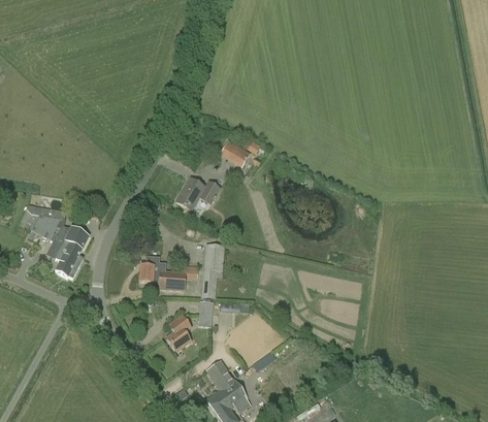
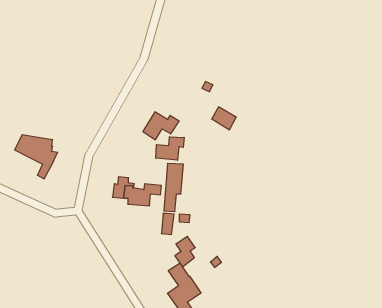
building: [221,140,251,168] -> [212,107,236,130]
building: none -> [156,137,184,160]
building: [56,226,91,279] -> none
building: [167,315,192,352] -> [175,236,195,267]

